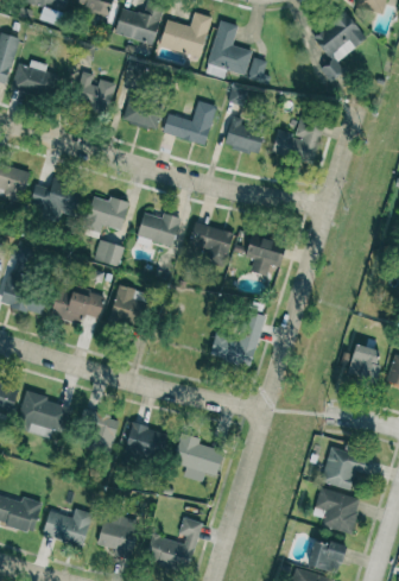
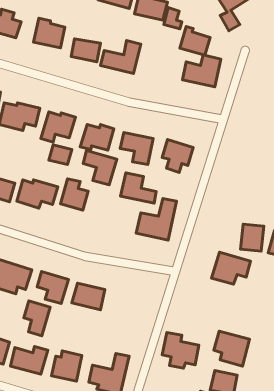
building: [224,116,265,154] -> [180,27,210,55]
building: none -> [83,151,117,185]
building: none -> [120,173,156,203]
building: [175,434,223,481] -> [162,333,199,368]
building: [321,447,373,490] -> [211,252,251,284]
building: none -> [24,301,50,336]

